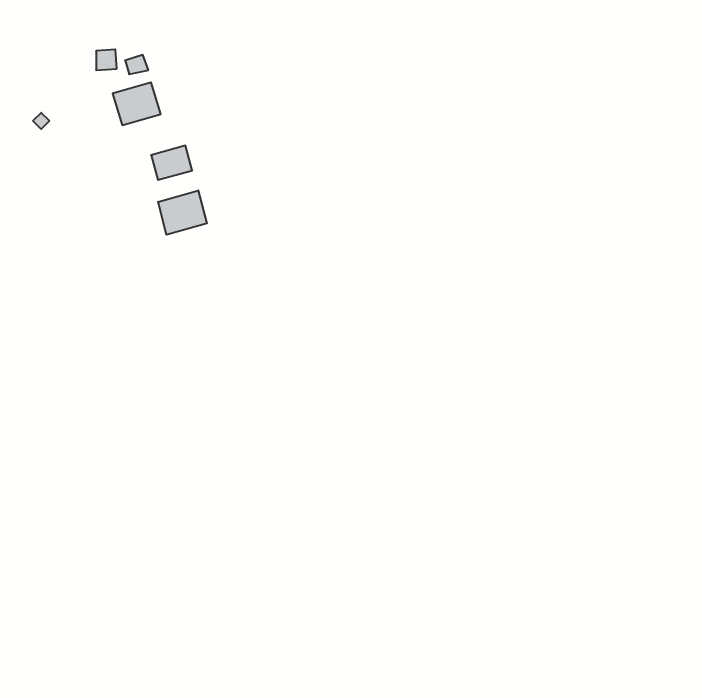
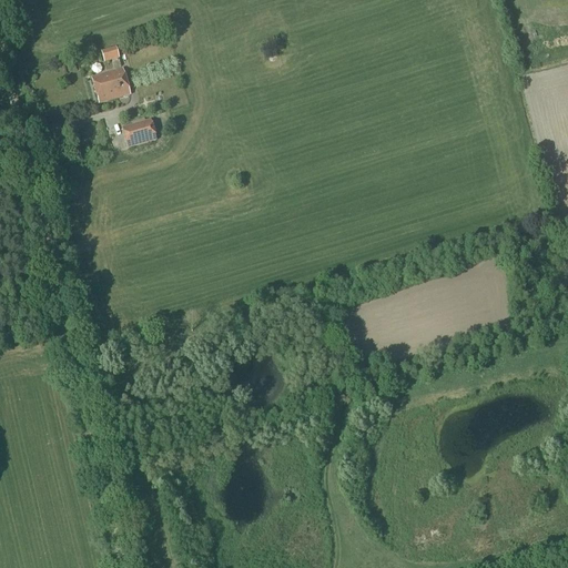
building: [158,190,207,235] -> none

